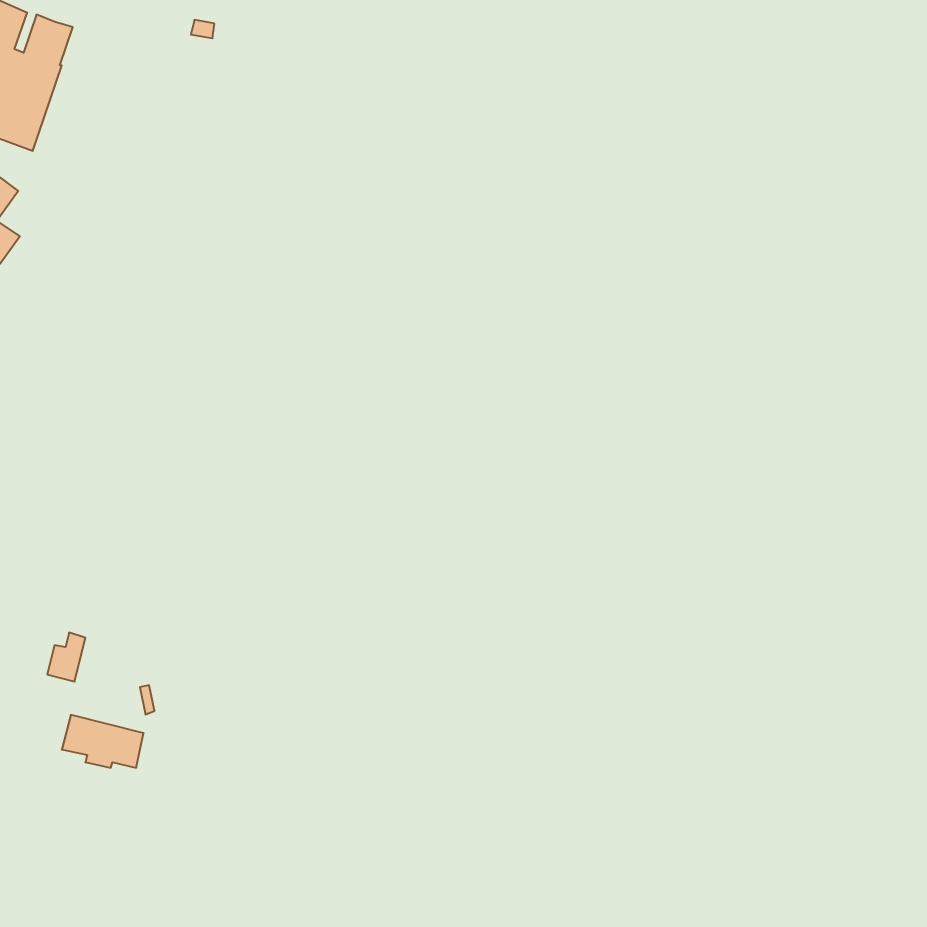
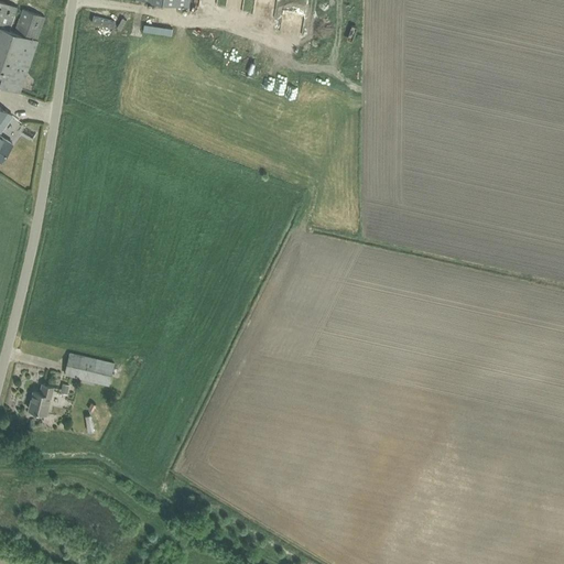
building: [62,715,144,768] -> [64,354,113,386]

